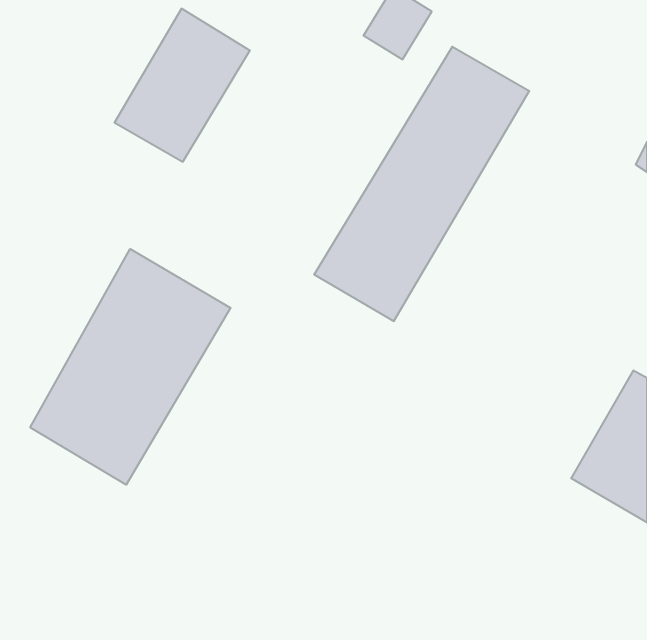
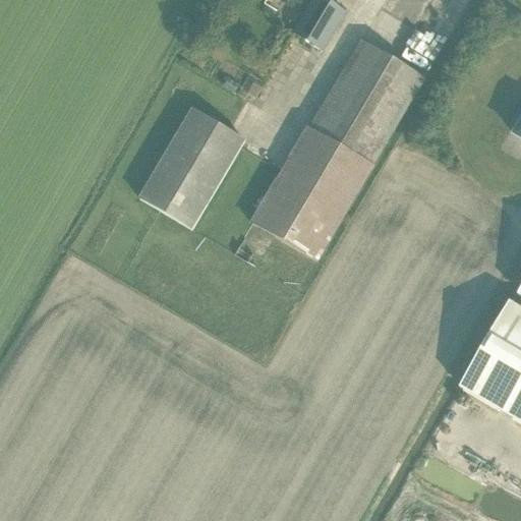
building: [114,9,250,162] -> [138,104,247,227]
building: [30,249,231,485] -> none

